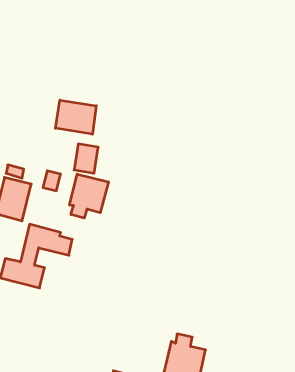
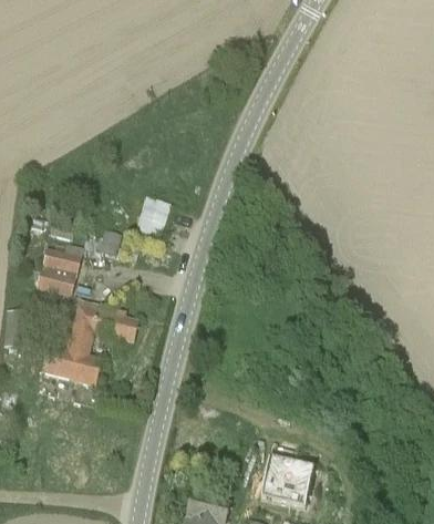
building: [55,100,96,134] -> none
building: [70,174,109,218] -> none

